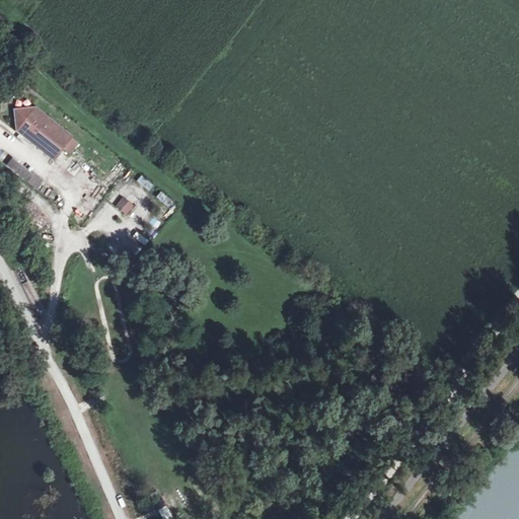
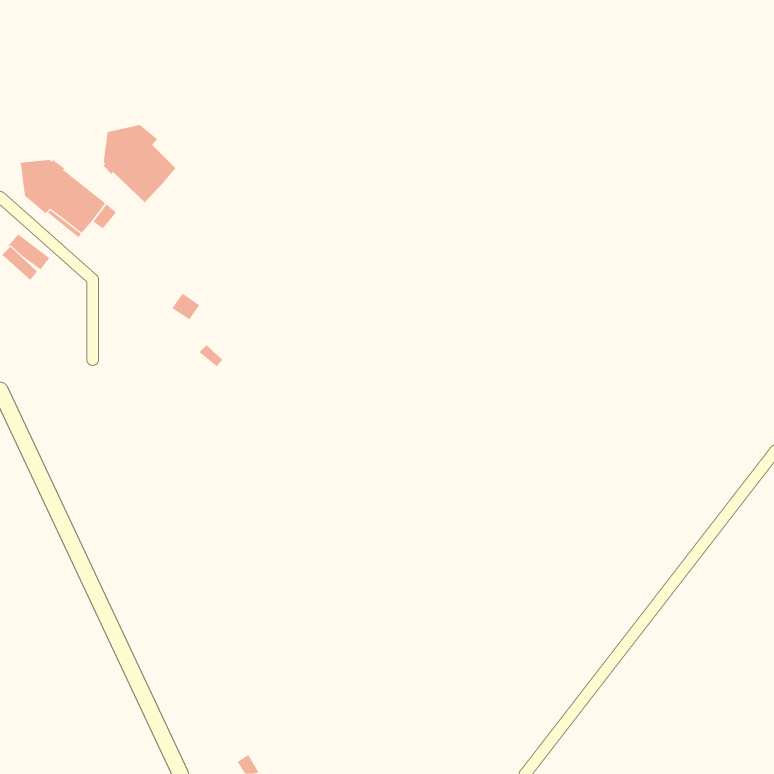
building: none -> [103,124,176,203]

